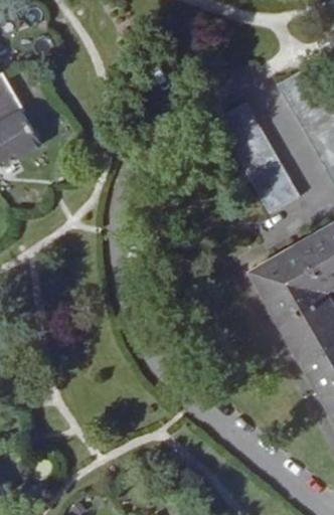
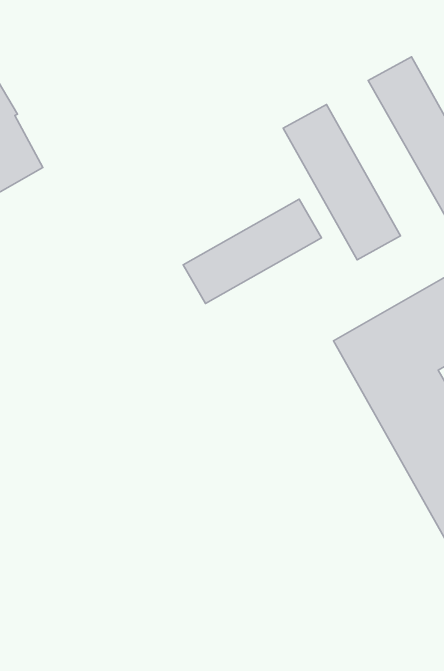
building: none -> [183,199,322,303]

